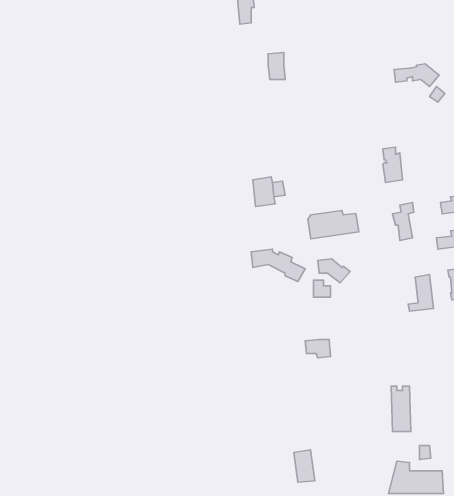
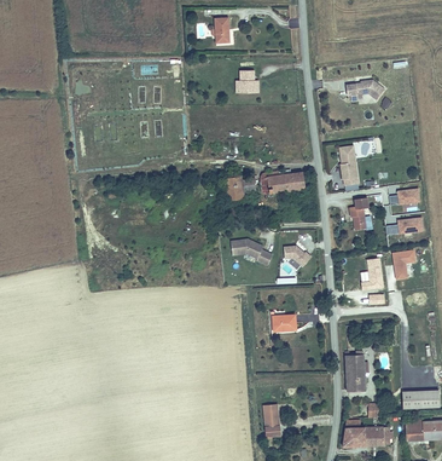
building: [308,211,359,239] -> [260,169,303,194]

